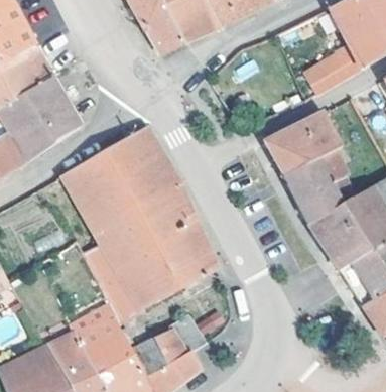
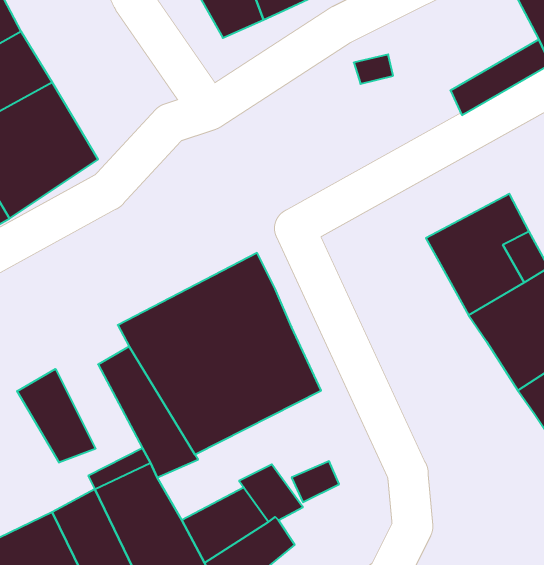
building: [263,110,338,174] -> none
building: [60,126,178,228] -> none
building: none -> [17,369,96,463]

